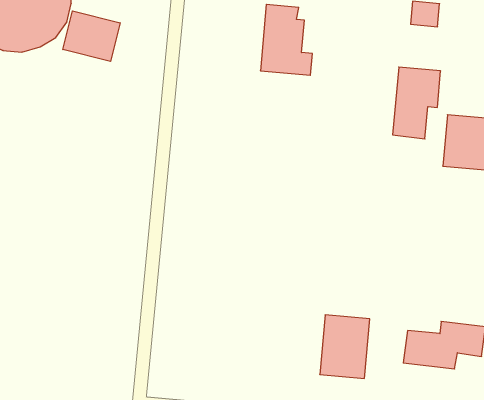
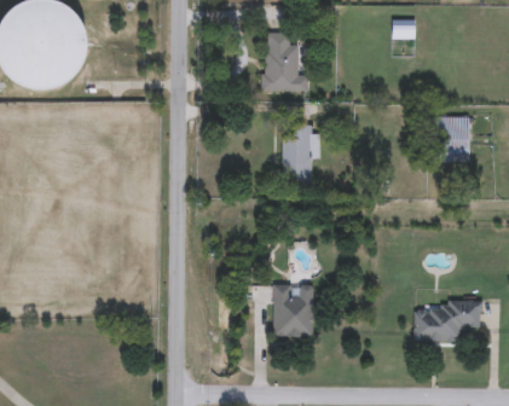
building: [63,11,120,61] -> none
building: [393,67,441,139] -> [282,126,319,187]
building: [320,315,370,378] -> [272,284,312,337]

